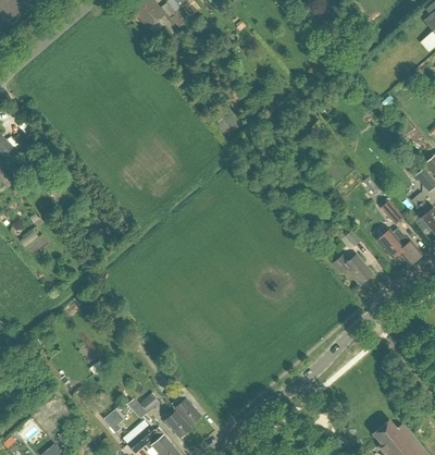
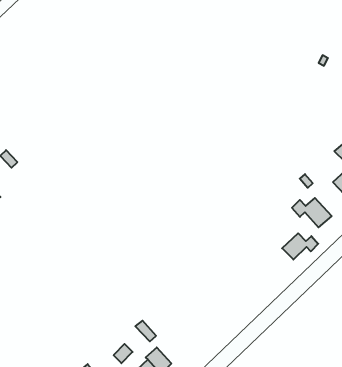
building: none -> [282,233,318,260]

